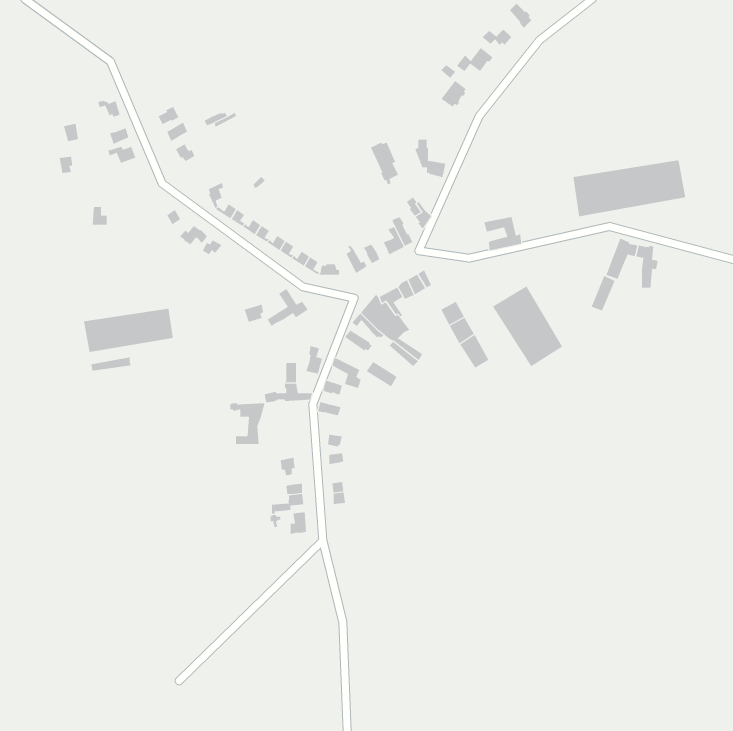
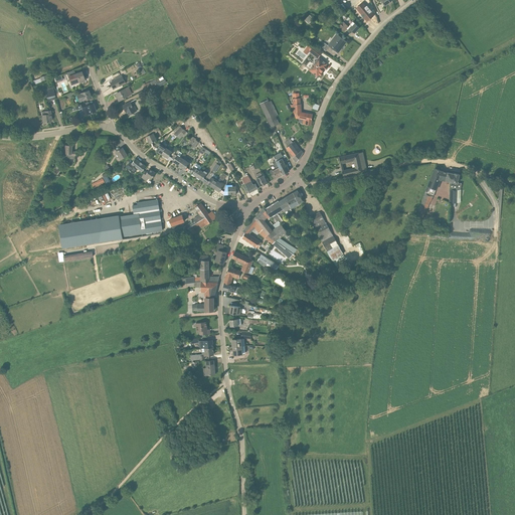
building: [573,159,686,217] -> none
building: none -> [119,198,162,236]
building: [492,285,563,367] -> none
building: [230,403,265,444] -> [193,281,218,310]

